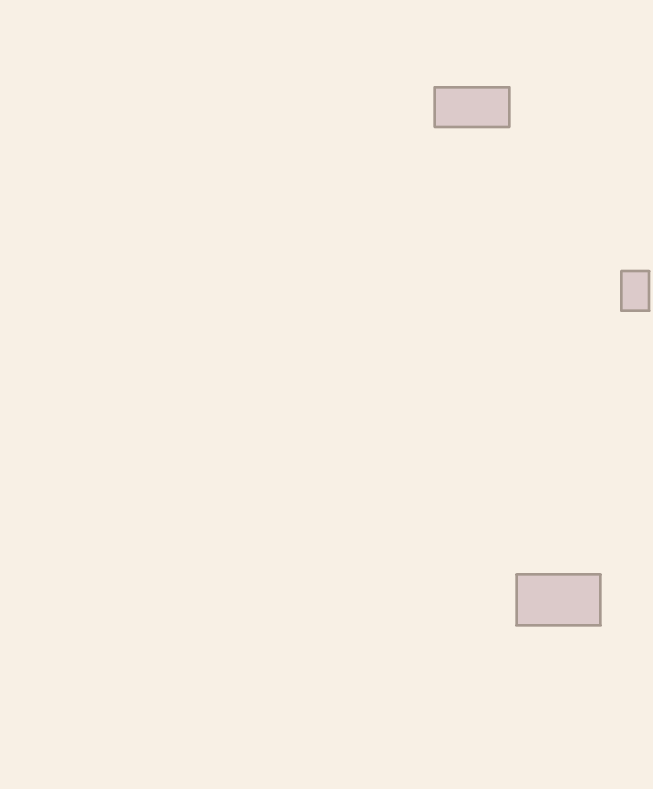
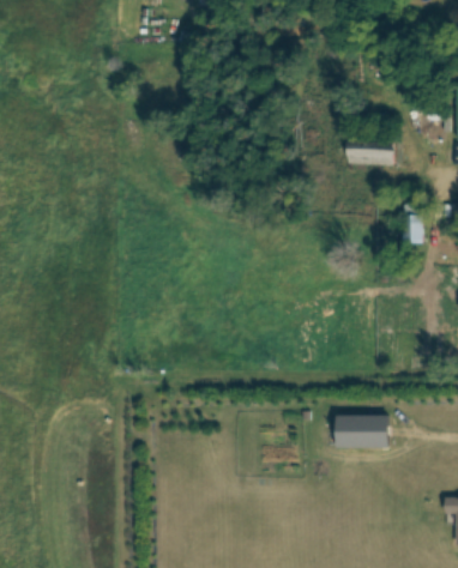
building: [435,87,509,127] -> [349,140,397,165]

